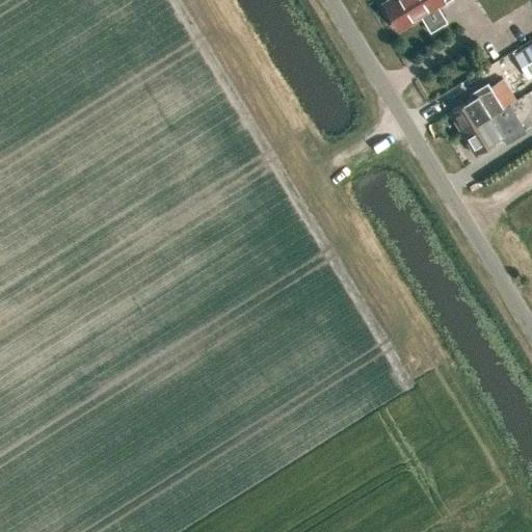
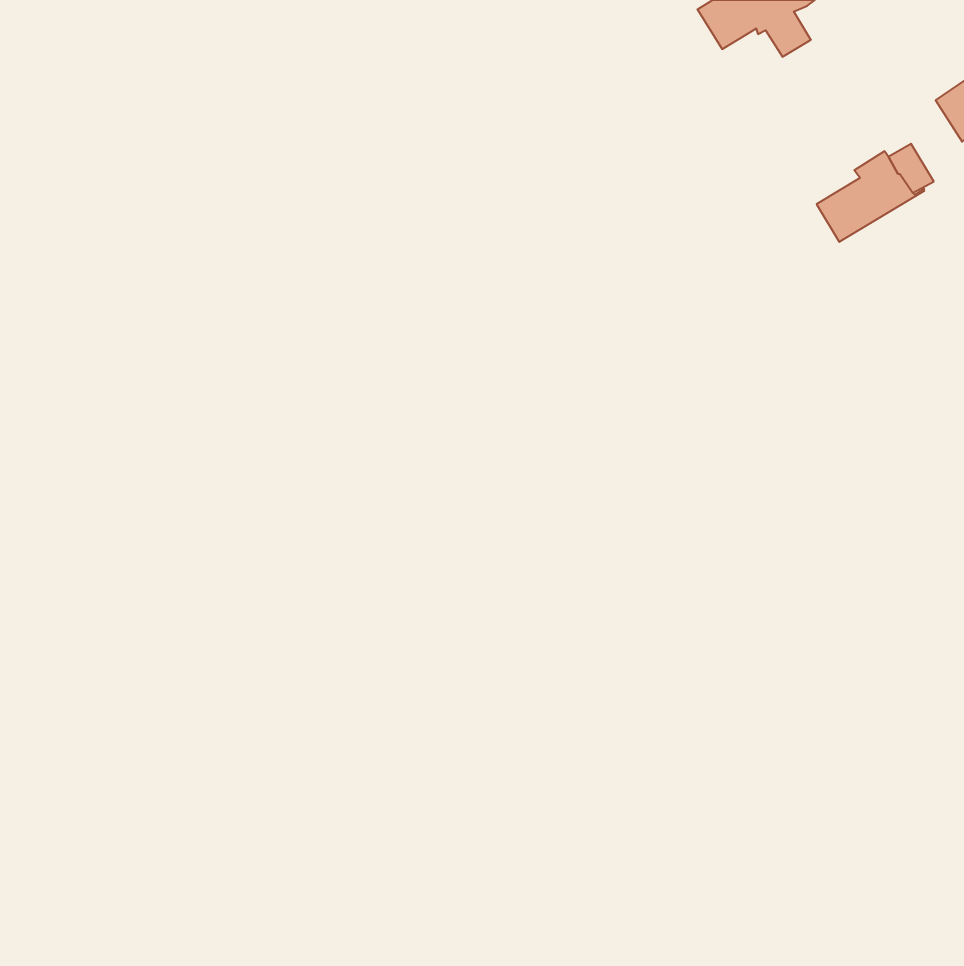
building: [462,105,525,154] -> none

